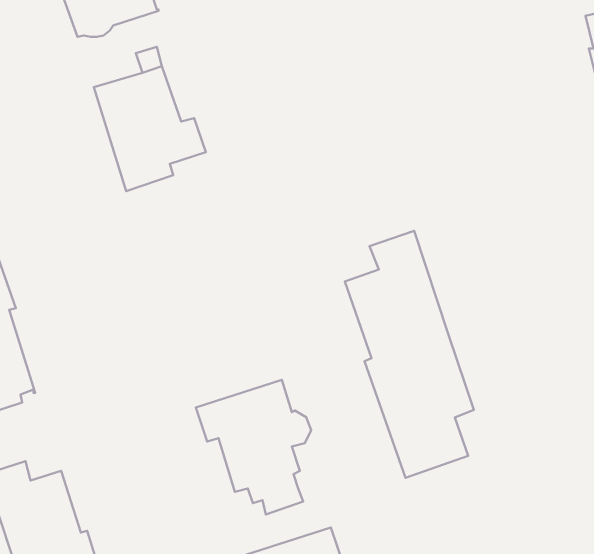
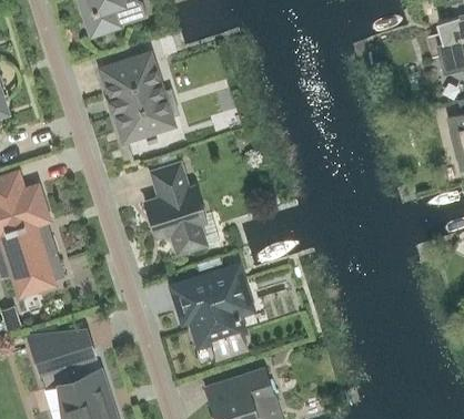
building: none -> [145,164,206,254]
building: [345,231,474,478] -> none

